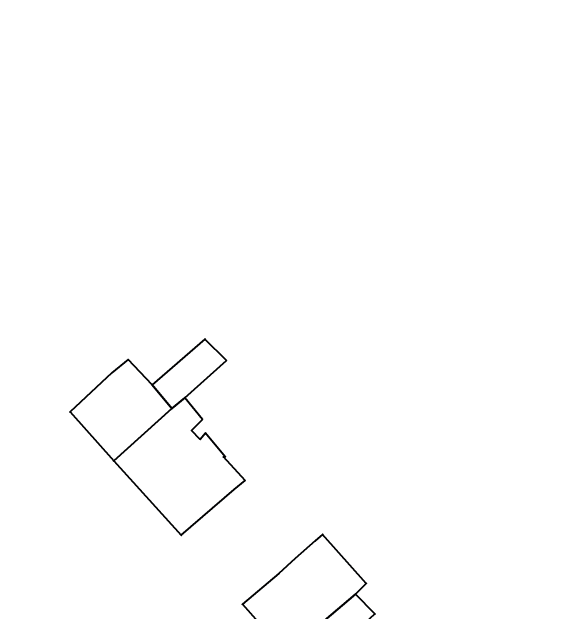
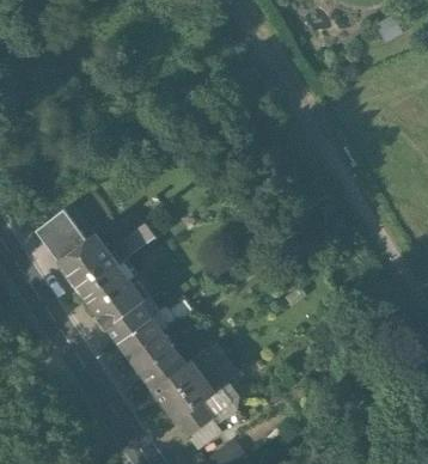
building: none -> [36,215,85,264]
building: none -> [118,311,200,391]

